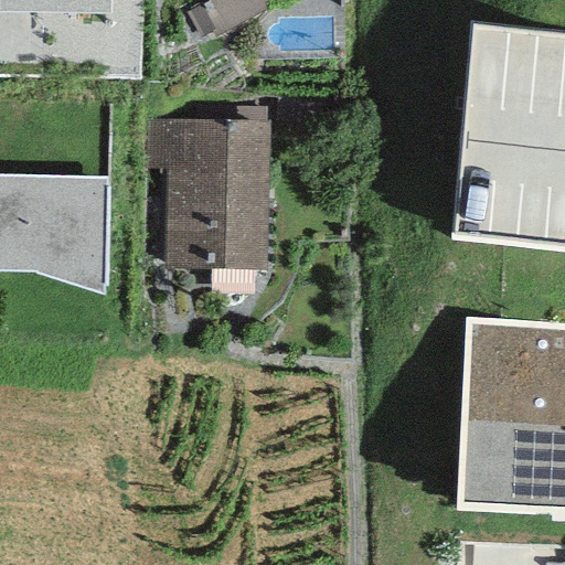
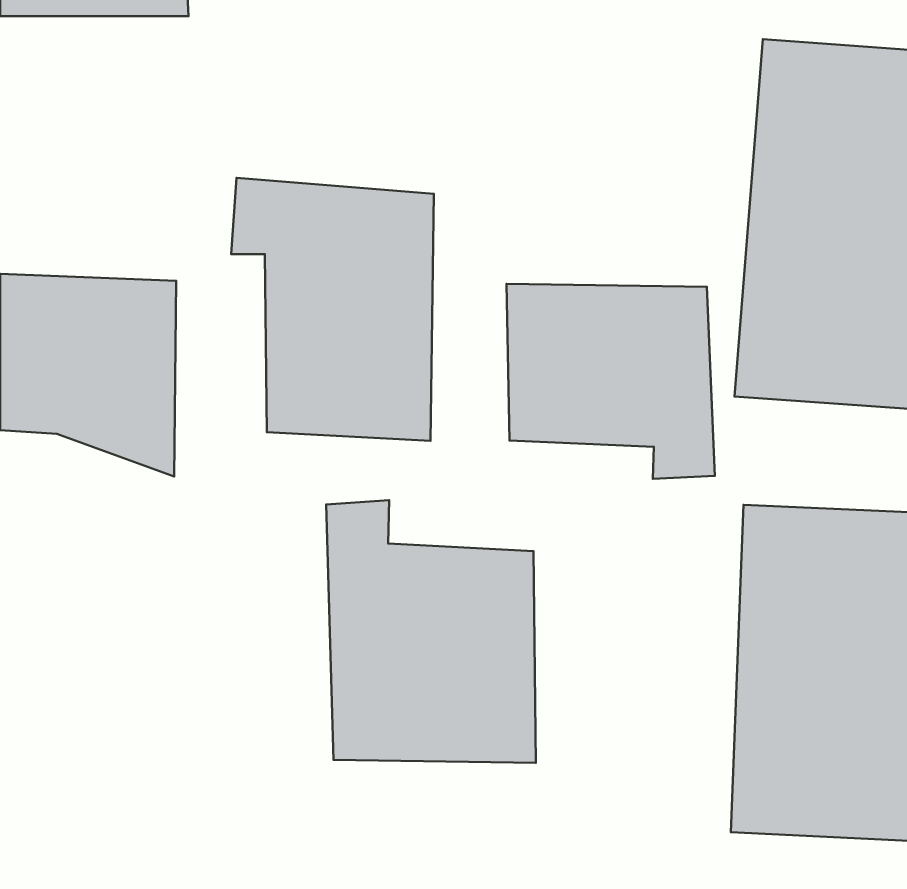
building: none -> [507,284,715,479]
building: none -> [326,500,536,763]

